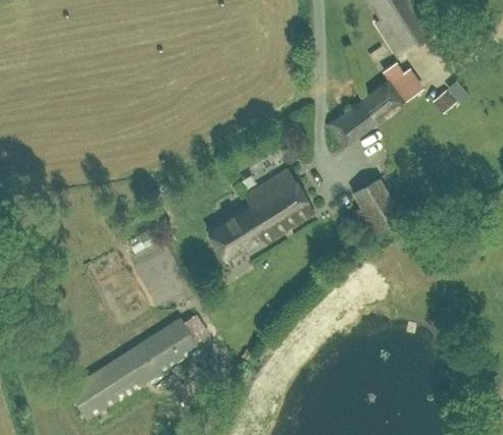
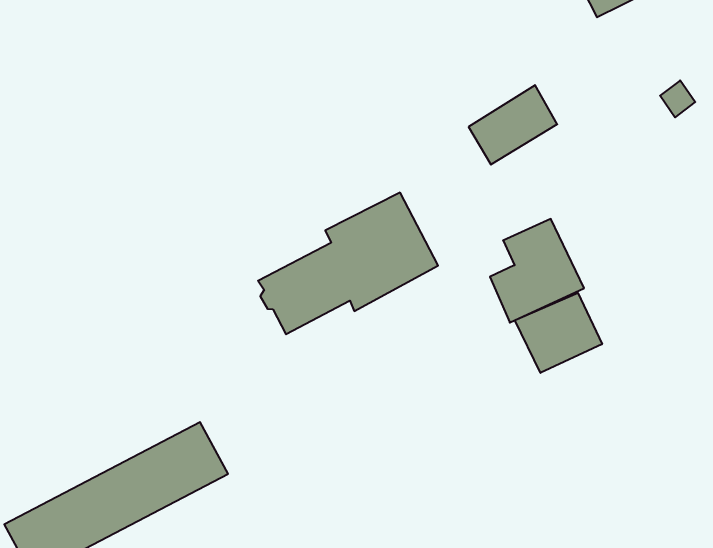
building: [364,62,423,121] -> none
building: none -> [515,293,602,373]

